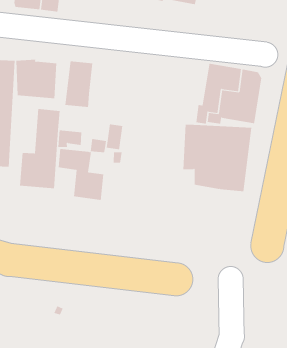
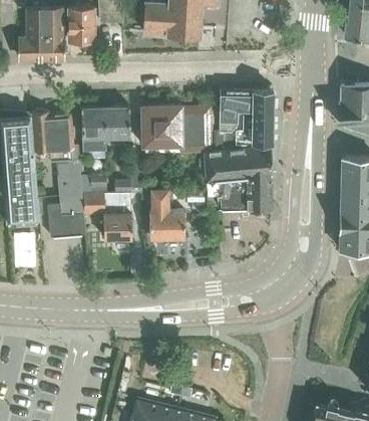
building: none -> [106,106,131,137]
building: none -> [138,104,211,153]
building: none -> [150,189,186,239]

